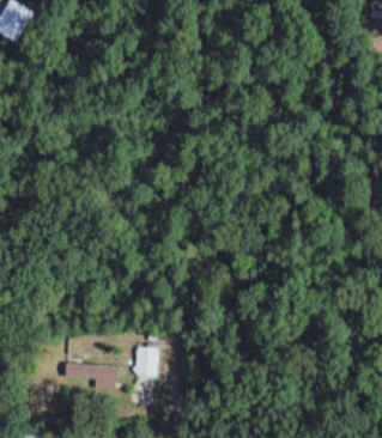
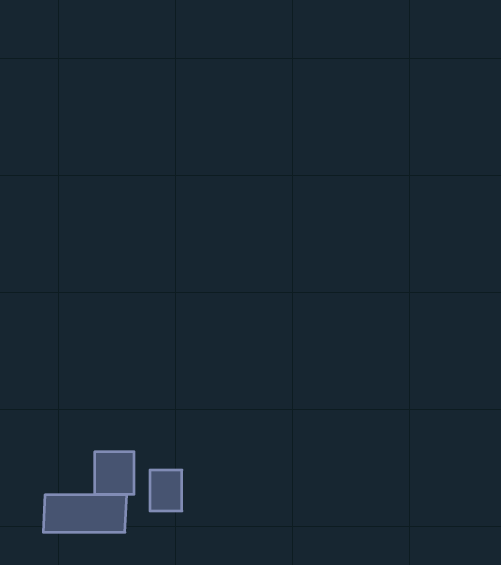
building: none -> [95,452,134,494]

